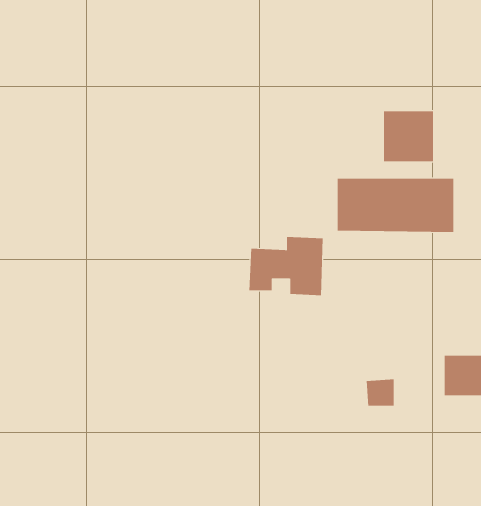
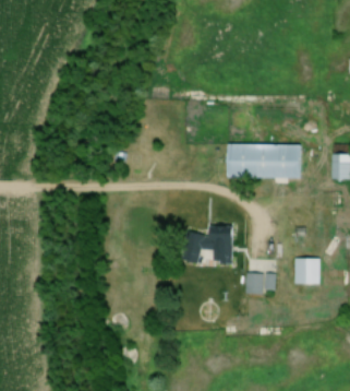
building: [384,111,434,162] -> none
building: [249,236,324,296] -> [185,226,233,264]

